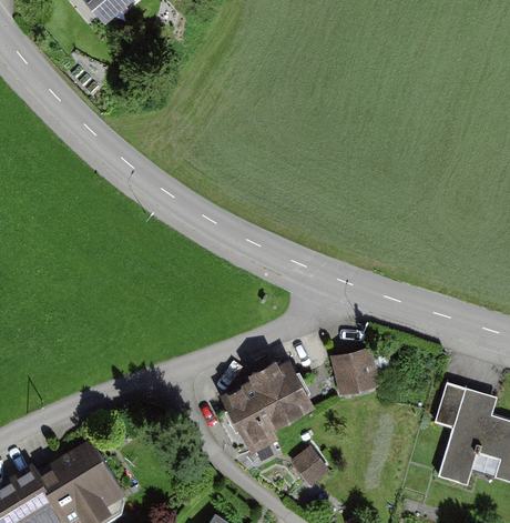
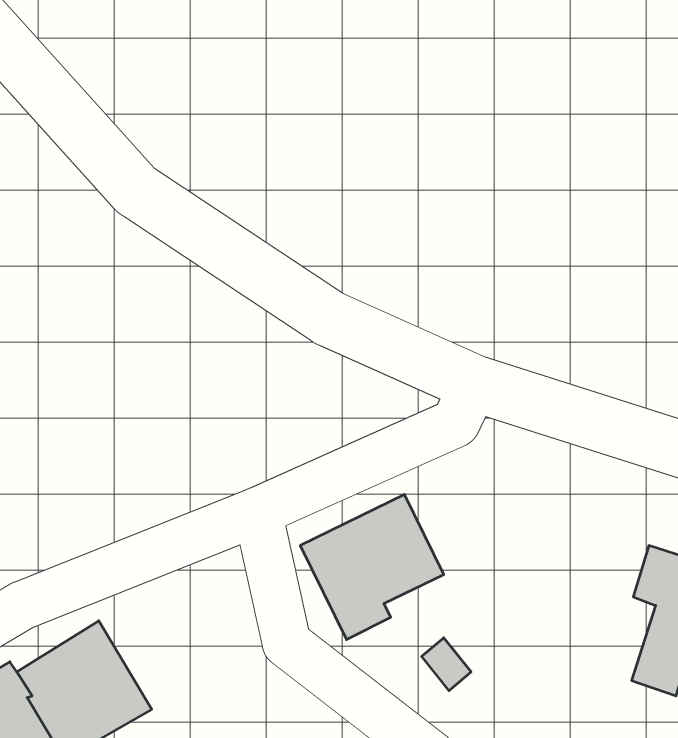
building: [334,346,380,395] -> none

